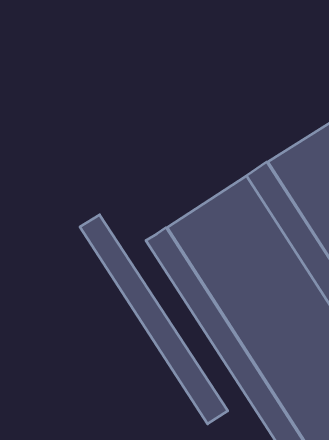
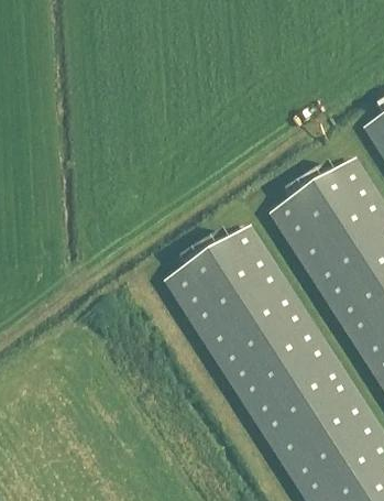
building: [80,215,228,424] -> none

